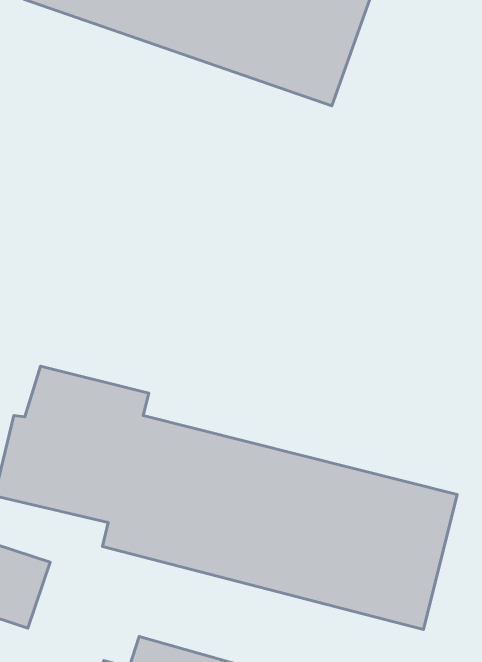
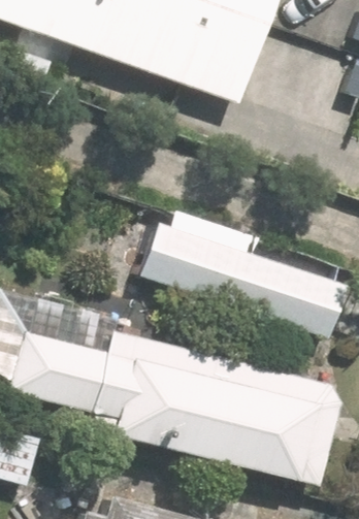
building: none -> [134,215,346,336]

